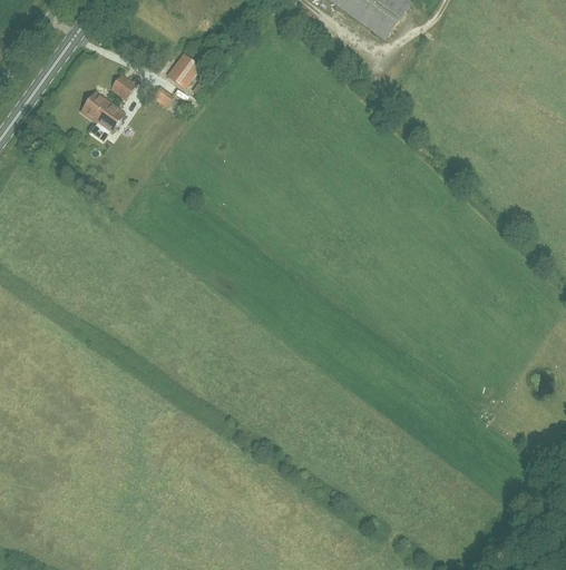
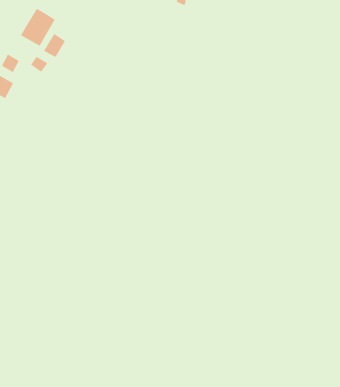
building: none -> [20,8,55,46]

